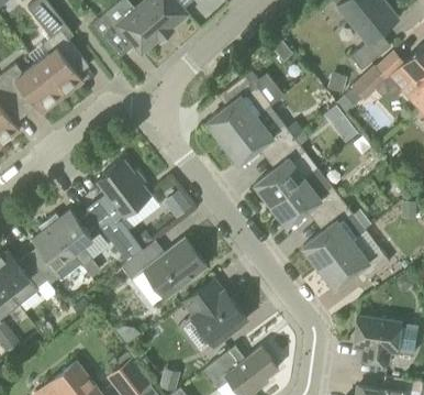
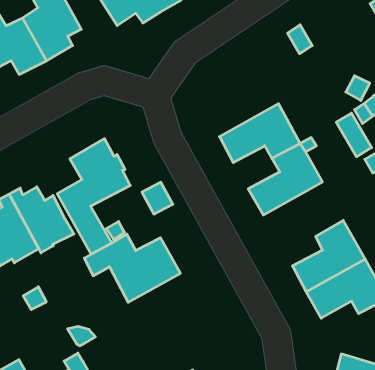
building: [207,70,271,143] -> none
building: [271,169,342,226] -> none
building: [183,279,247,345] -> none

